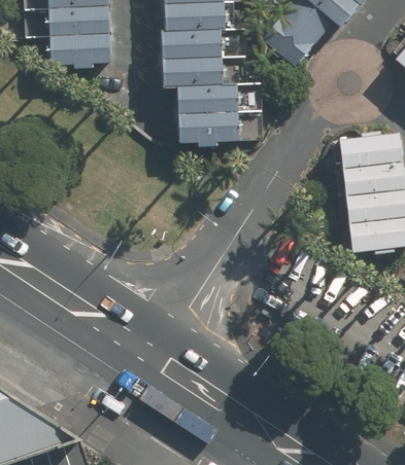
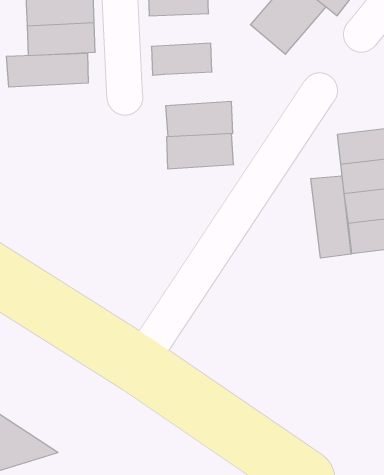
building: [163,28,221,59] -> none
building: none -> [6,53,88,87]
building: [177,81,240,114] -> [167,134,234,169]
building: none -> [311,176,351,258]

